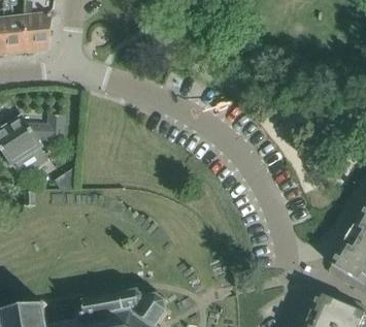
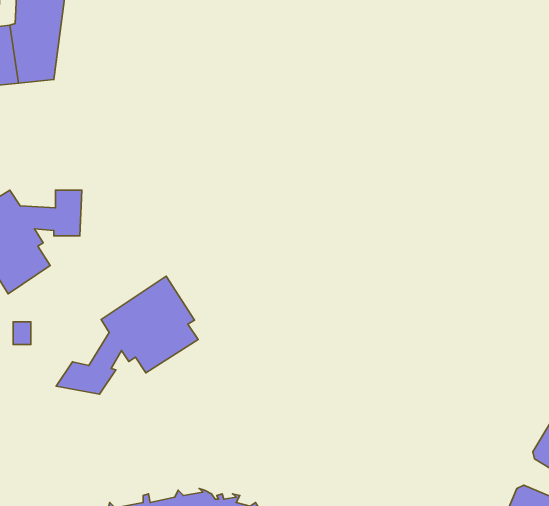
building: none -> [56,276,198,394]

